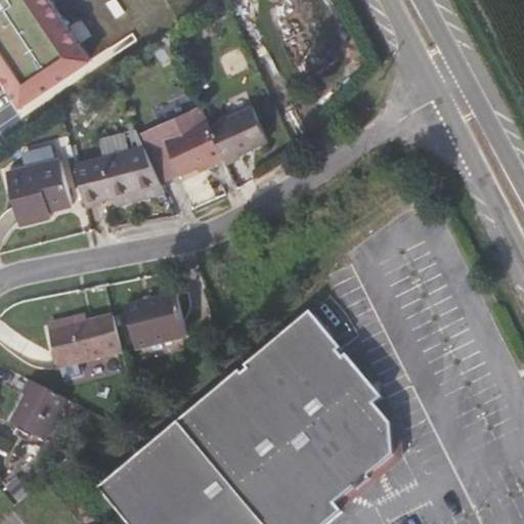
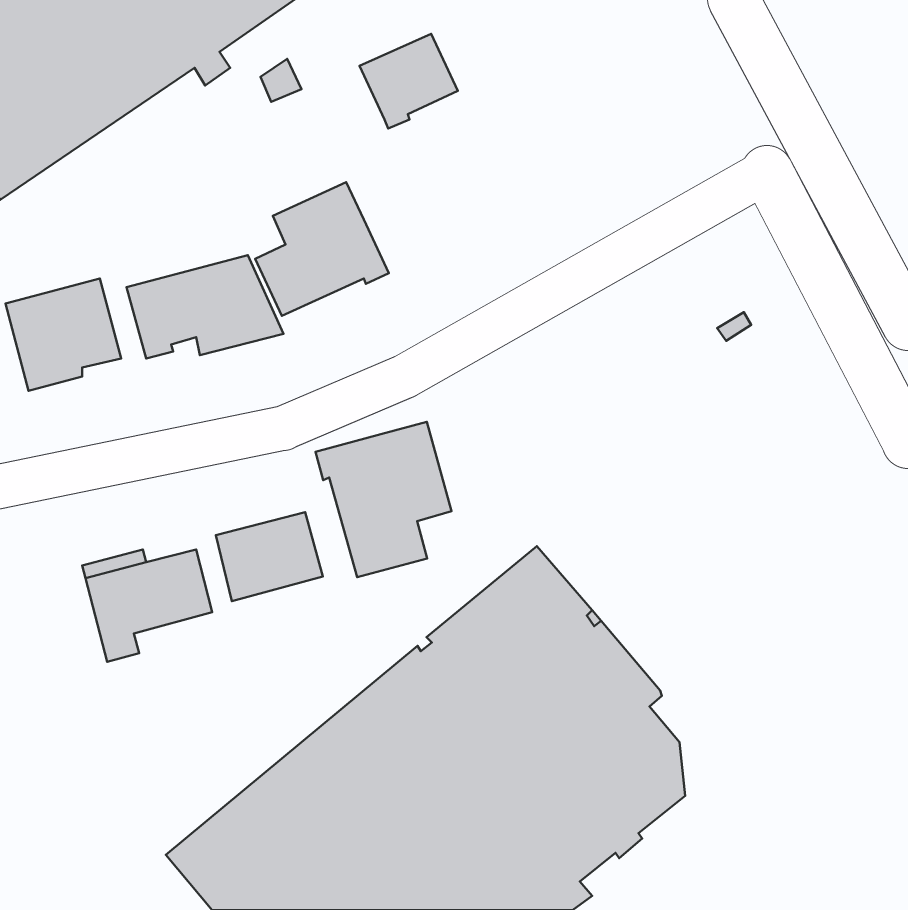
building: [209,107,265,162] -> [360,34,458,128]
building: none -> [315,422,451,577]
building: [11,381,64,441] -> none

